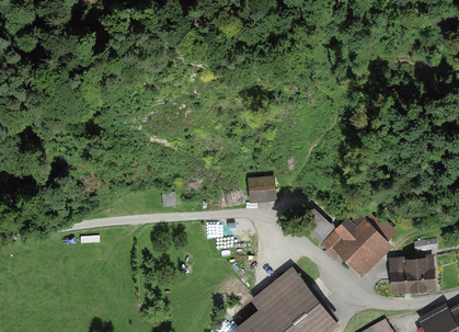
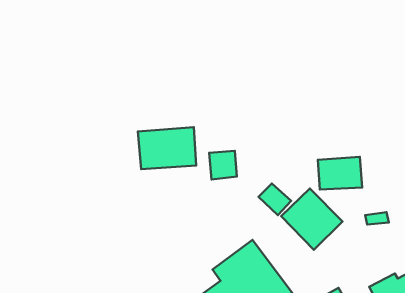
building: none -> [138,127,196,169]
building: [389,255,436,290] -> [318,157,362,189]

